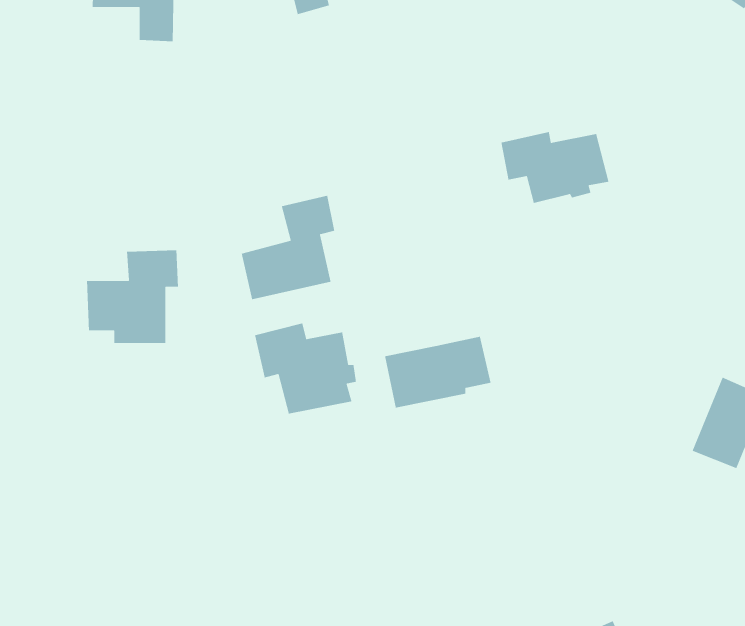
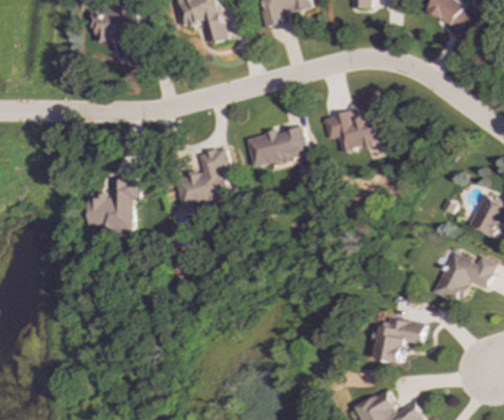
building: [254,323,357,415] -> none
building: [384,336,491,409] -> [247,126,309,167]
building: none -> [376,317,425,363]

